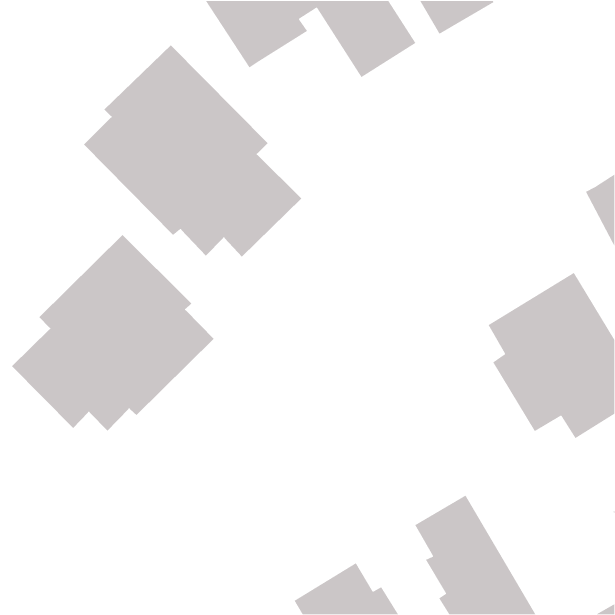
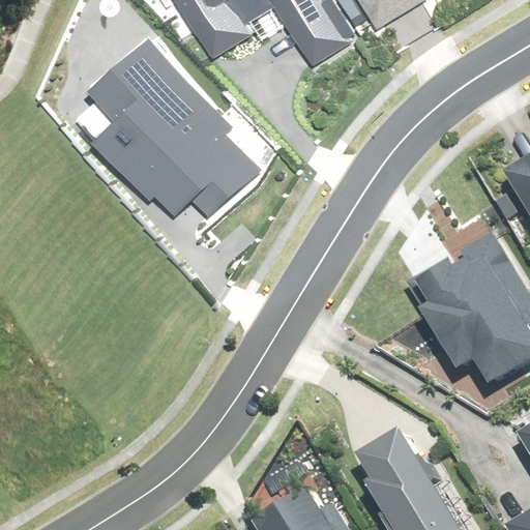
building: [11,234,215,432] -> none

